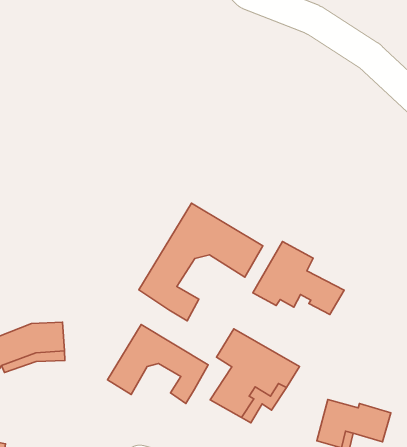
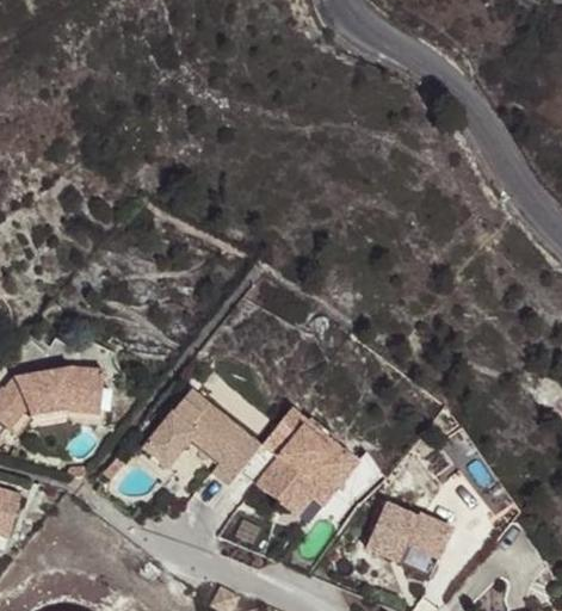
building: [139,203,263,321] -> none
building: [253,242,344,315] -> none

